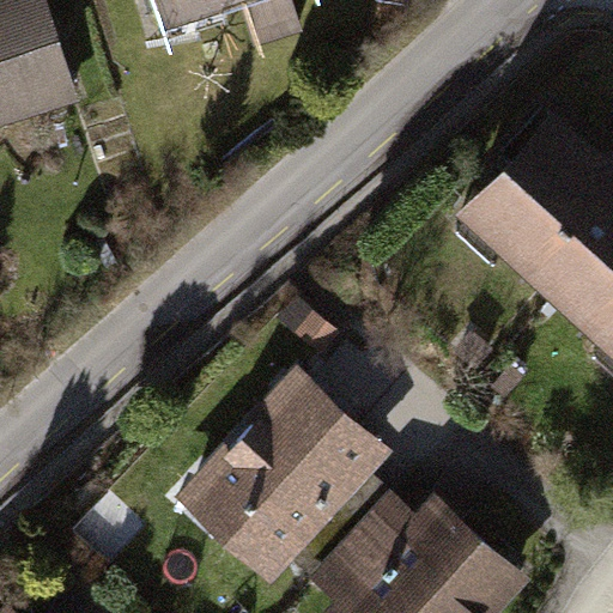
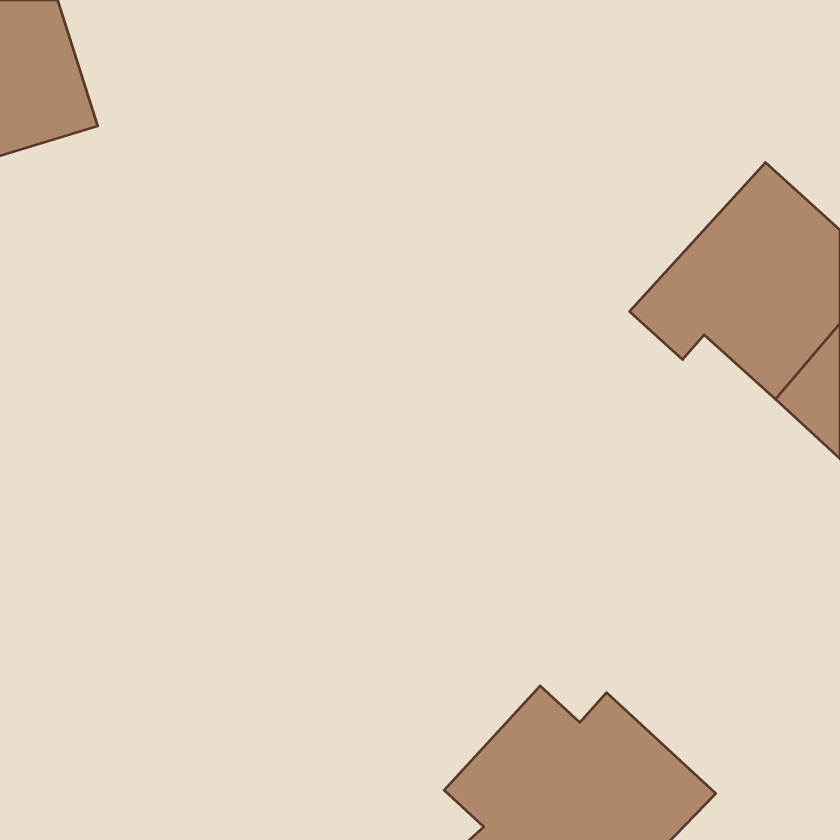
building: [190,378,390,576] -> none

